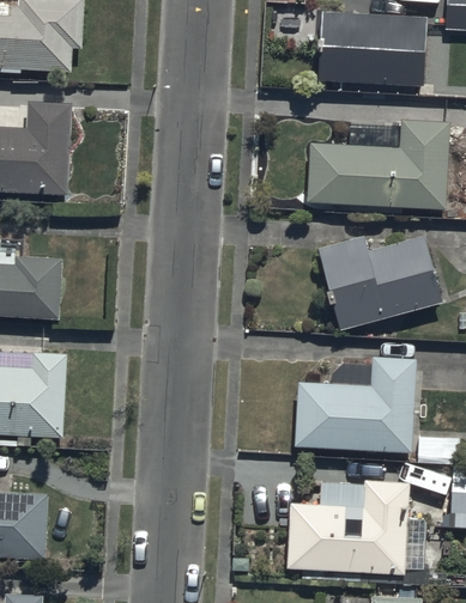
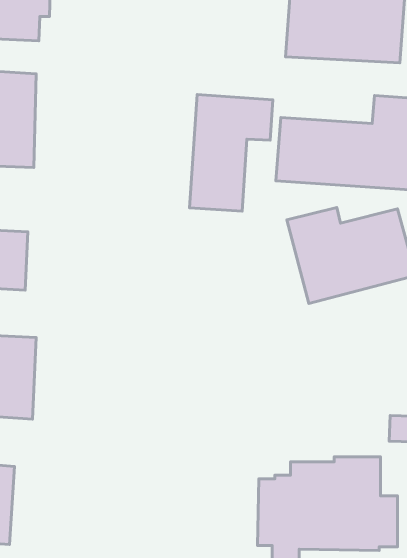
building: none -> [189,95,273,211]
building: [291,364,419,461] -> none

